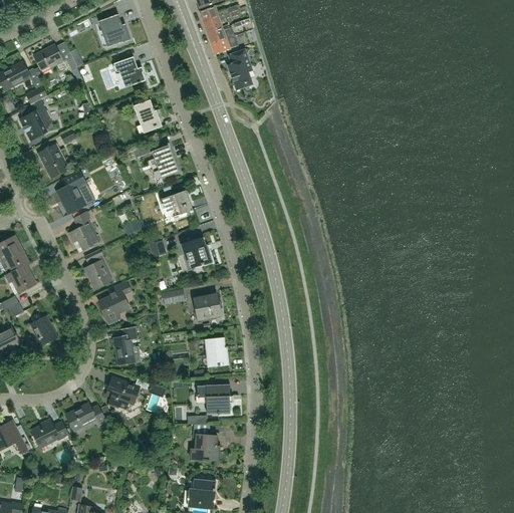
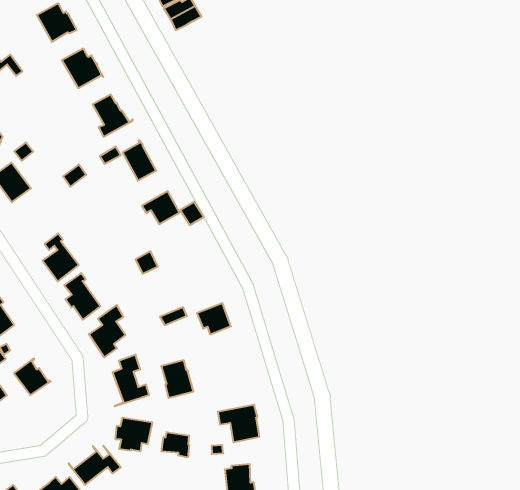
building: [228,50,252,90] -> none
building: [57,171,85,218] -> none
building: [182,238,214,268] -> none
building: [205,337,229,367] -> [161,360,193,398]
building: none -> [162,432,189,457]

